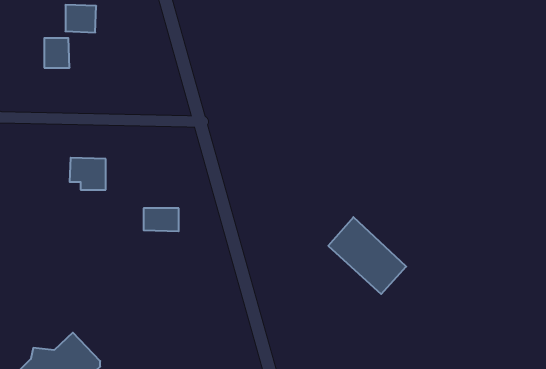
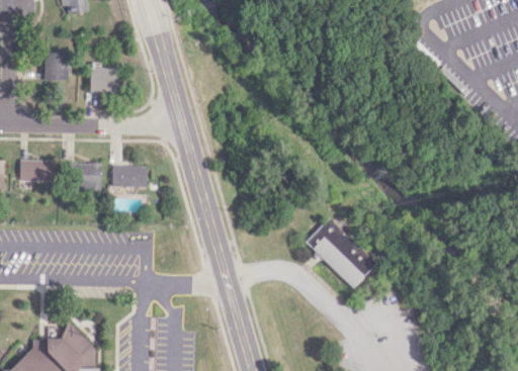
building: [65,5,96,32] -> [90,67,118,92]
building: none -> [20,160,55,181]
building: [144,208,179,231] -> [114,166,147,187]

